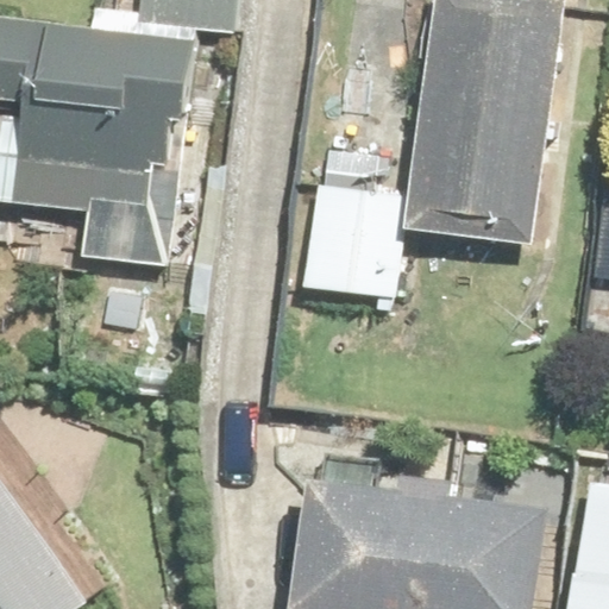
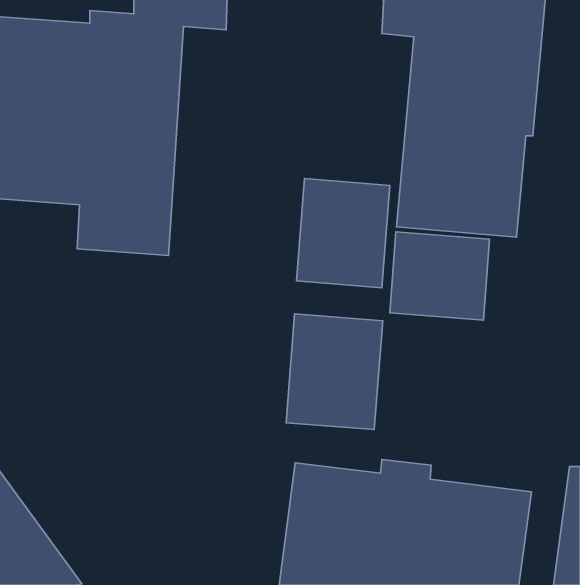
building: none -> [390,232,490,320]
building: none -> [286,314,383,430]

